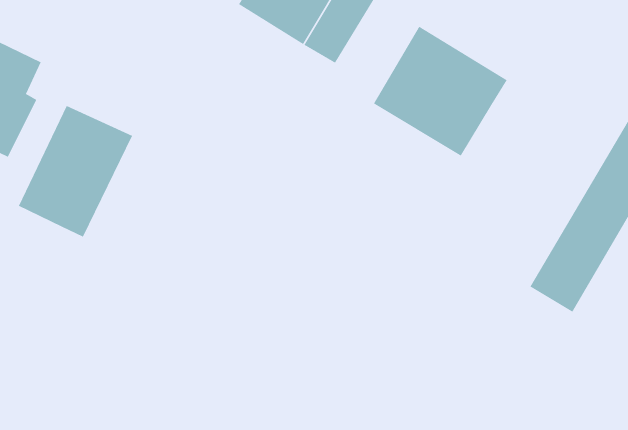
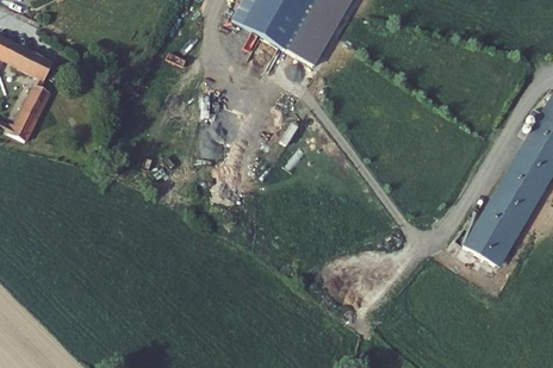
building: [373,26,507,156] -> none
building: [18,105,133,238] -> none

